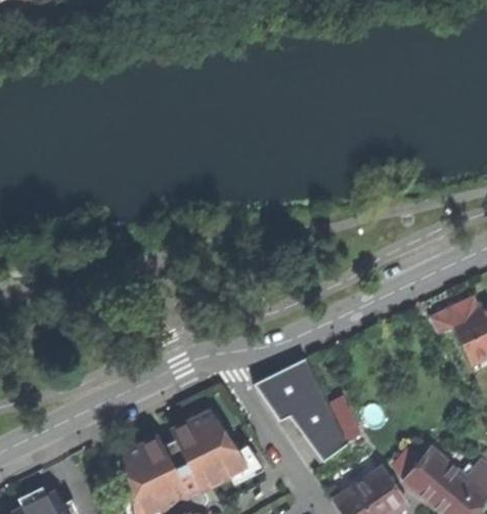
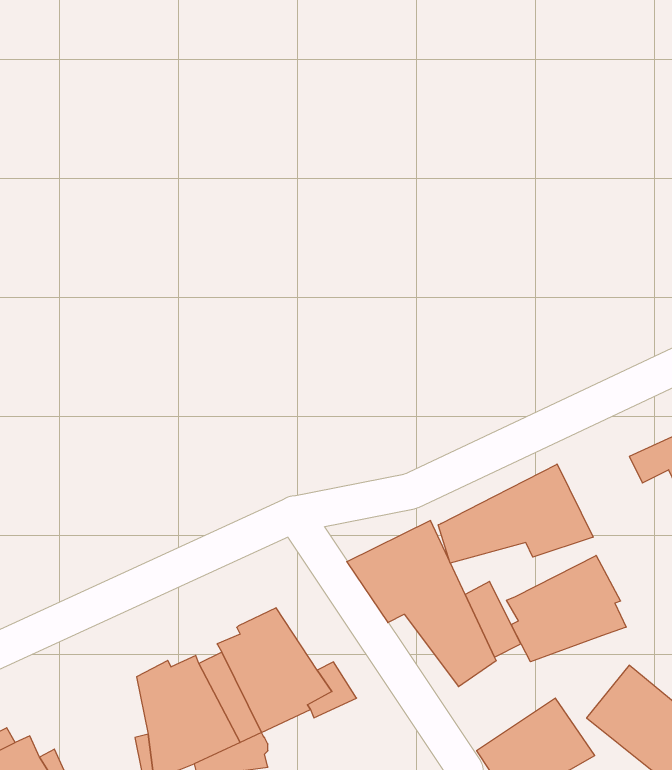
building: none -> [438,464,593,563]
building: none -> [506,555,626,662]

